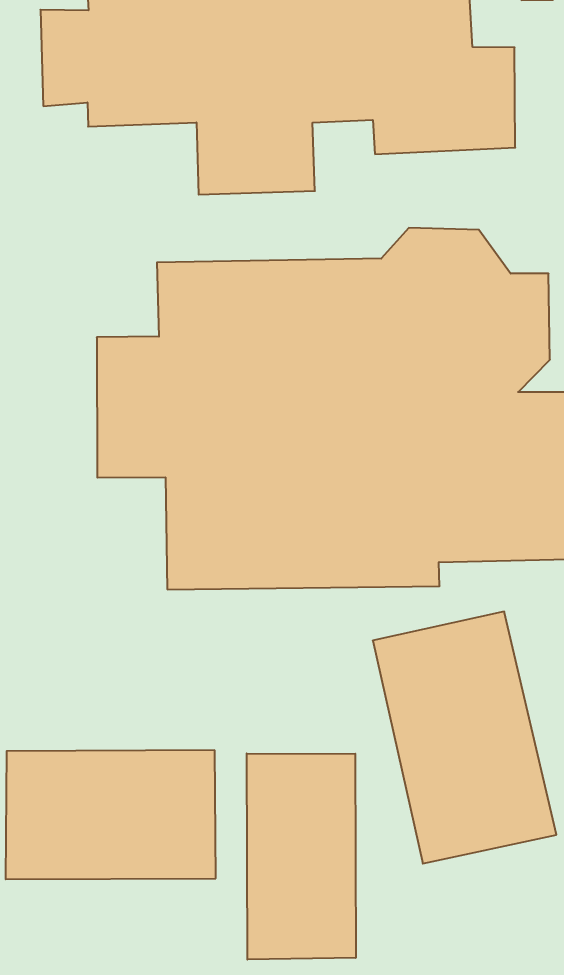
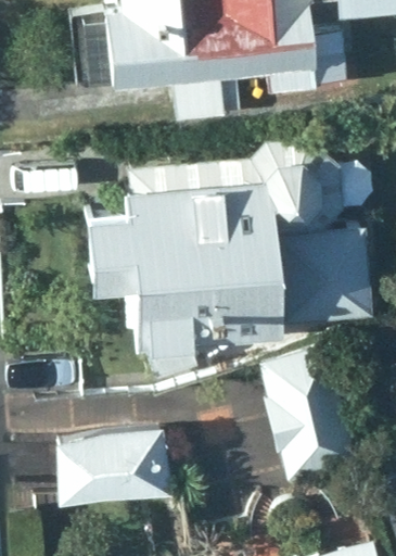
building: [247,753,356,960] -> none

